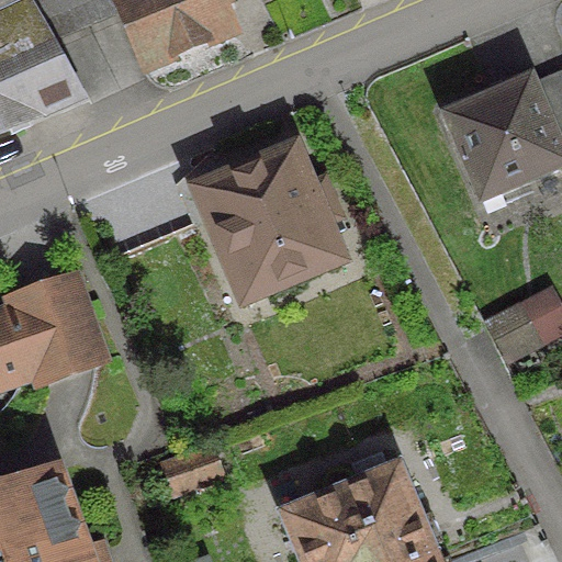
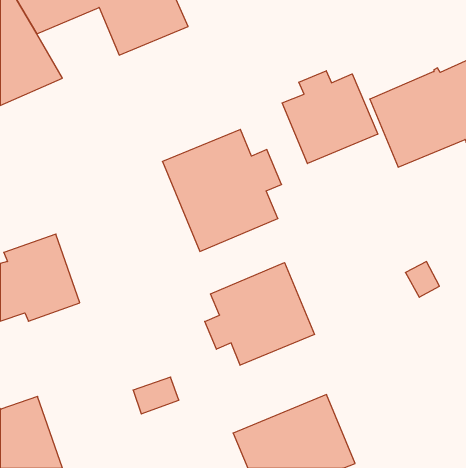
building: none -> [282,71,378,164]
building: none -> [205,263,314,365]

